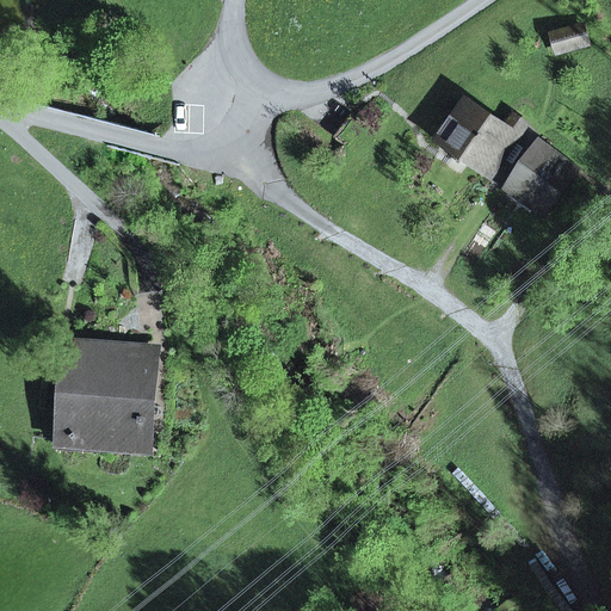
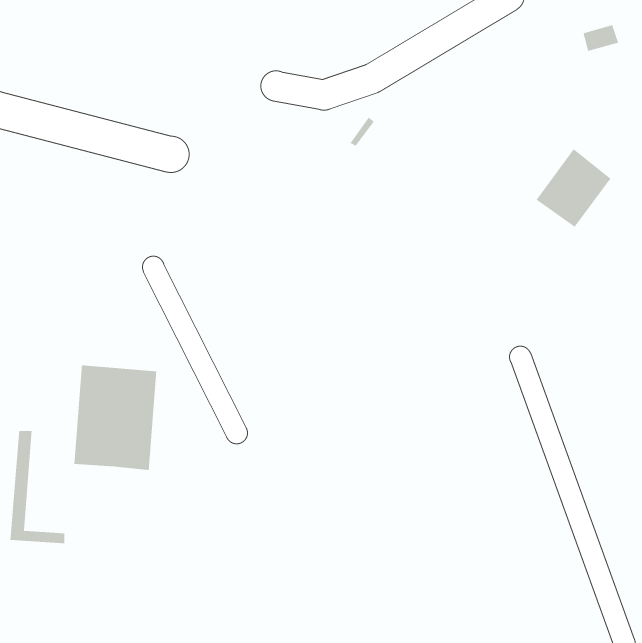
building: [446,99,519,169] -> none
building: [55,344,107,451] -> [10,430,65,544]

